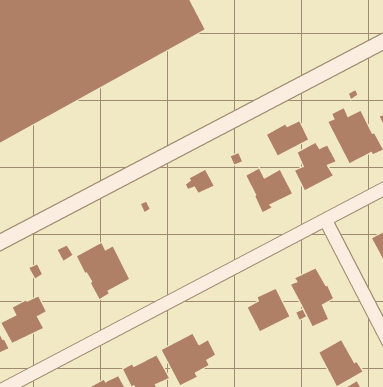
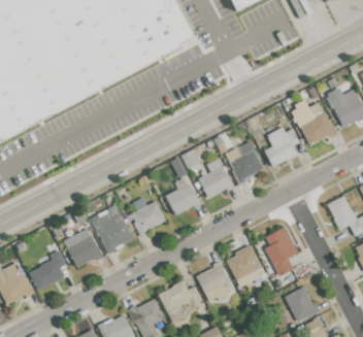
building: [266,121,309,156] -> none
building: none -> [198,160,233,198]
building: none -> [166,178,201,215]
building: none -> [131,198,166,237]
building: none -> [63,229,103,268]
building: none -> [196,262,232,301]

